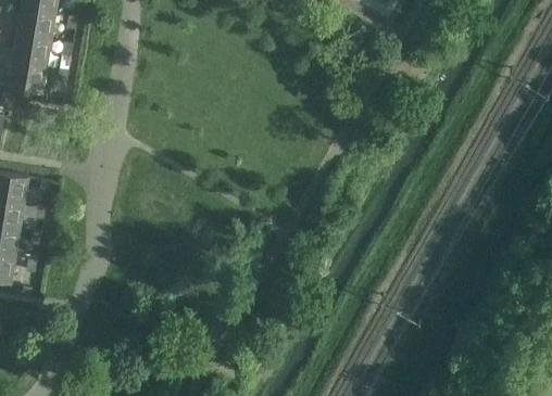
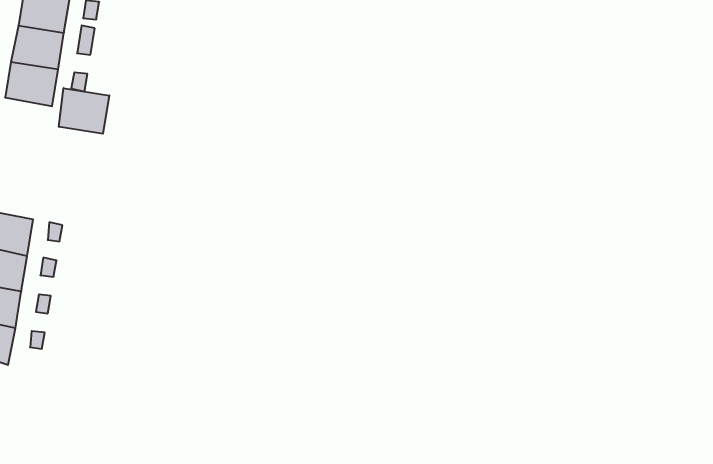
building: none -> [59,88,109,134]

